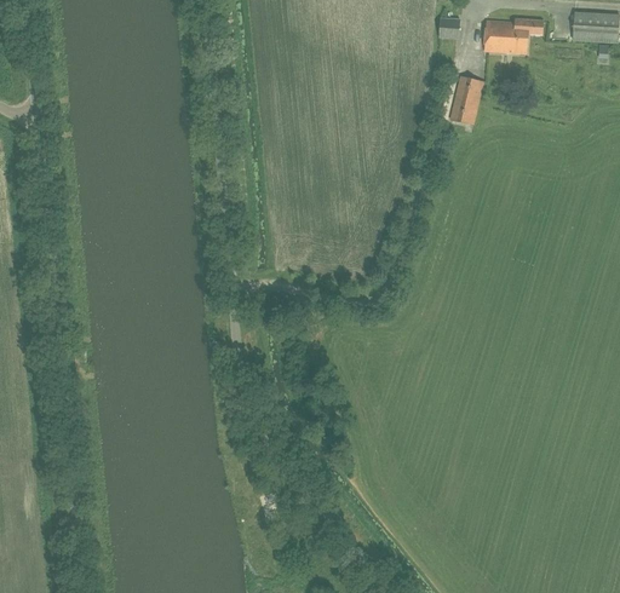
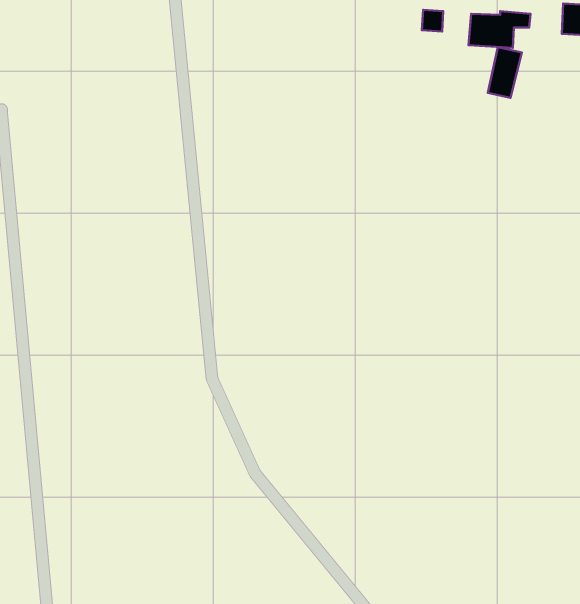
building: [450,74,483,122] -> [488,47,522,98]

